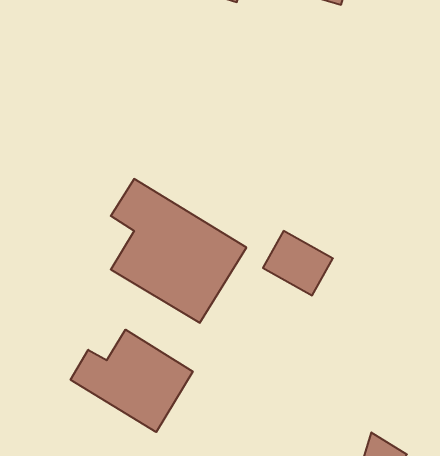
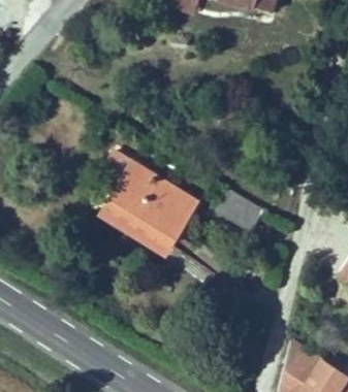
building: [71,330,193,432] -> none

